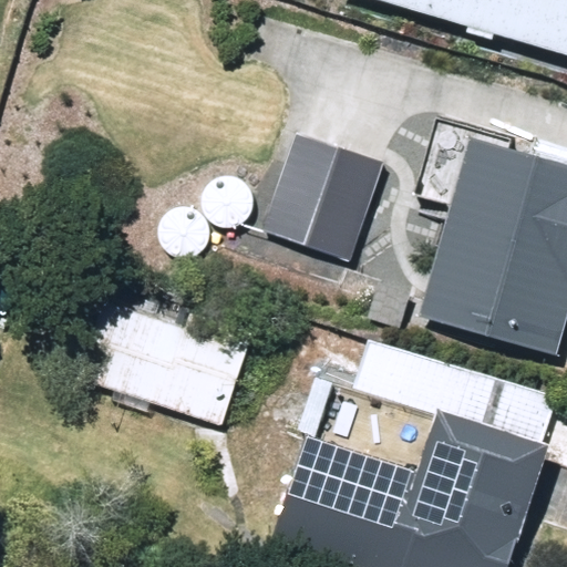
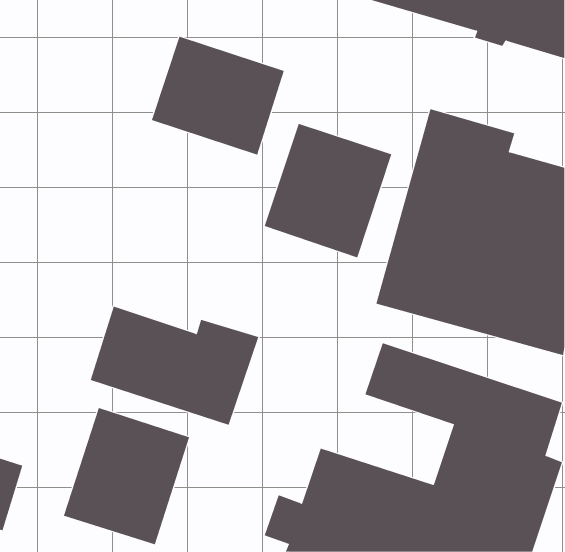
building: none -> [151,36,284,156]
building: none -> [63,407,190,545]

